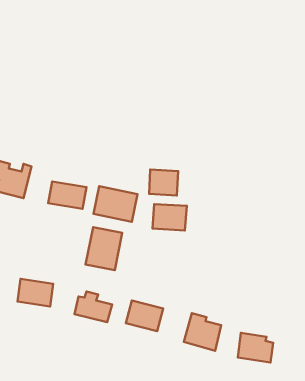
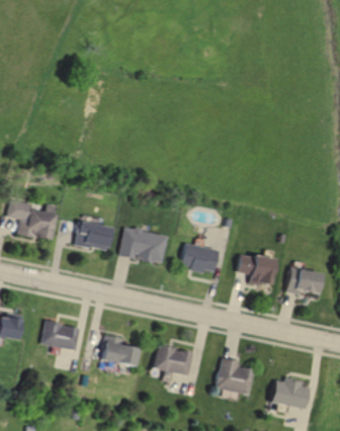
building: [149,170,178,195] -> none
building: none -> [233,252,272,282]
building: none -> [283,267,318,294]
building: [85,227,122,270] -> none

